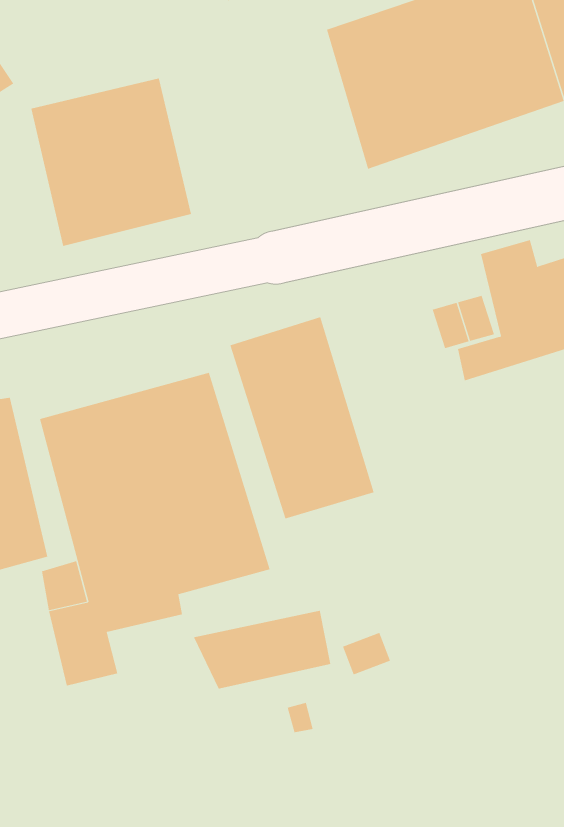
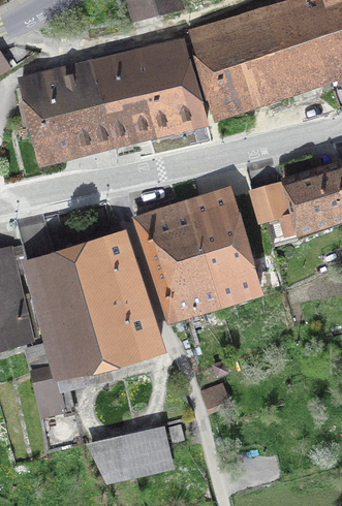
building: none -> [95,44,207,144]
building: none -> [188,188,279,304]
building: [193,610,331,689] -> [90,435,169,480]

